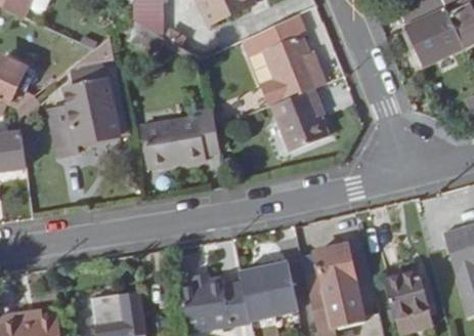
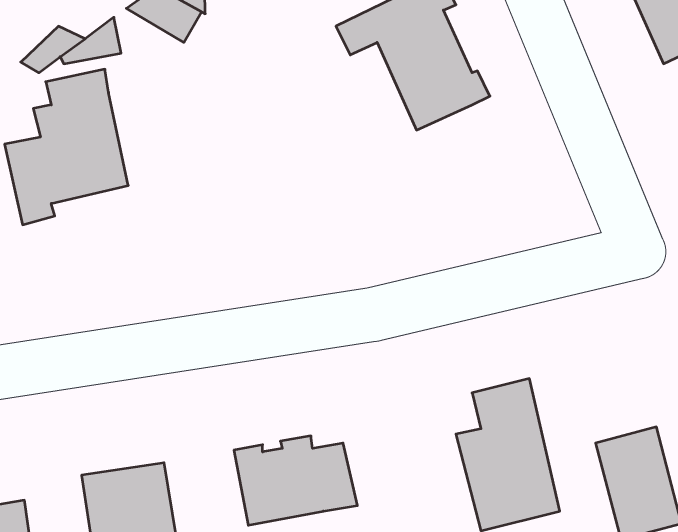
building: [272,87,331,152] -> none
building: [141,110,221,167] -> none
building: [240,260,297,318] -> none

